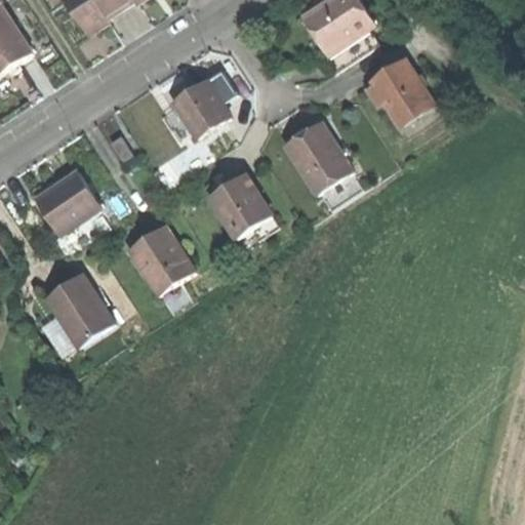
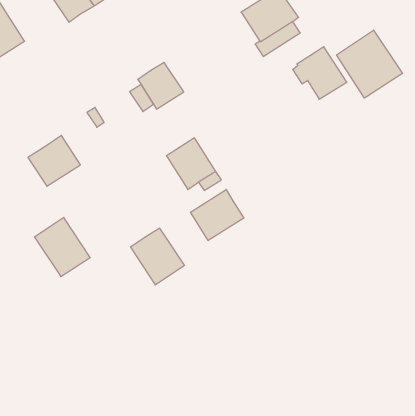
building: none -> [337,30,402,98]
building: [287,124,353,193] -> none
building: [125,224,193,294] -> [130,228,185,285]
building: none -> [191,189,244,241]

